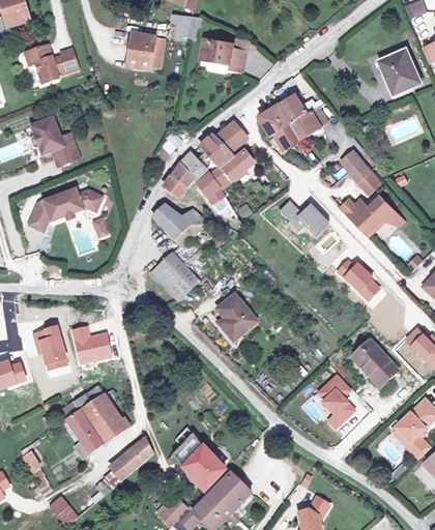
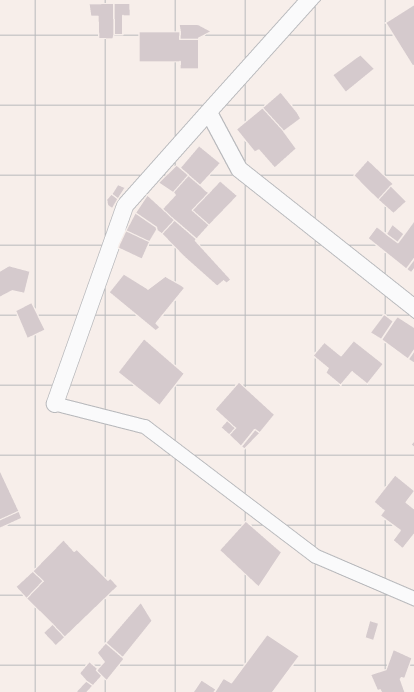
building: [128,29,156,62] -> none
building: [295,111,325,136] -> [332,55,374,93]
building: [280,203,328,237] -> [313,341,384,385]
building: [71,326,114,365] -> none
building: [179,444,223,492] -> [219,521,282,587]

